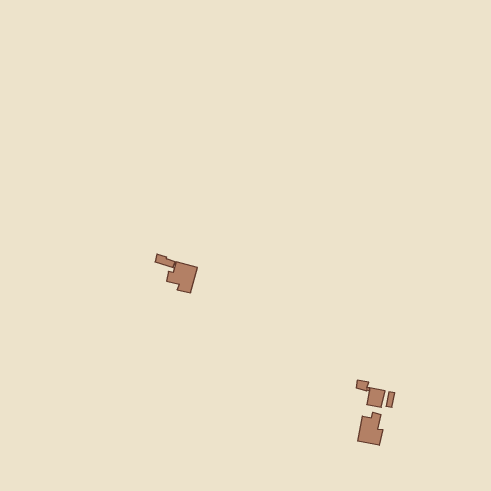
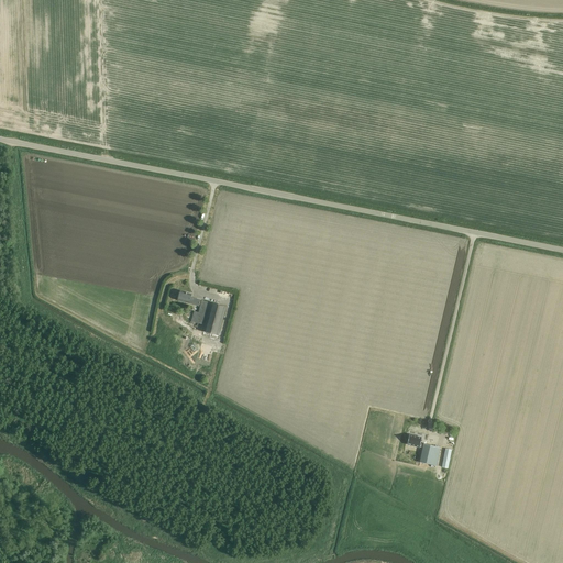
building: [358,412,383,445] -> none

